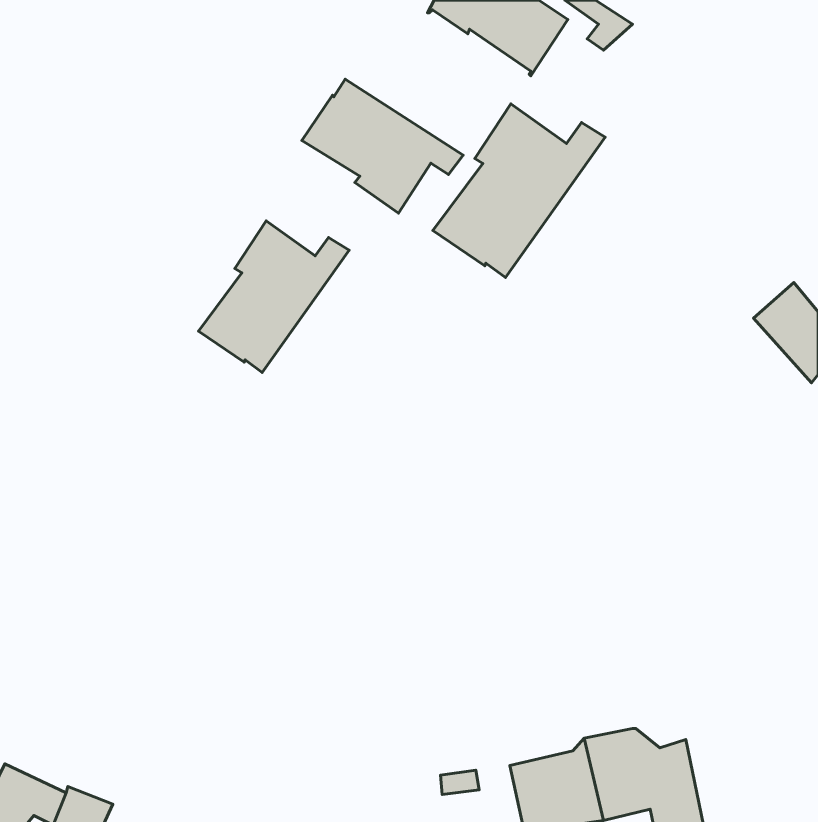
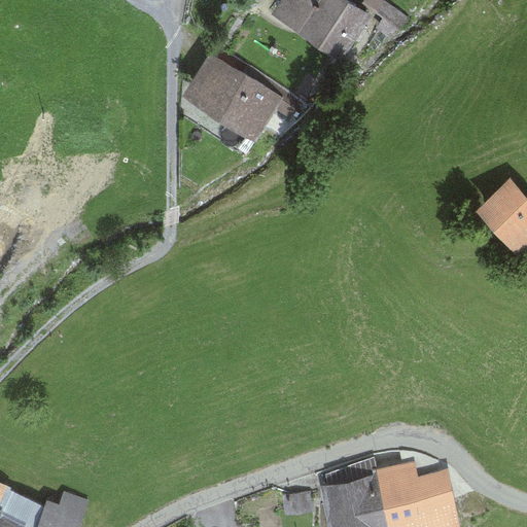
building: [433,104,605,277] -> none
building: [198,221,349,372] -> none

